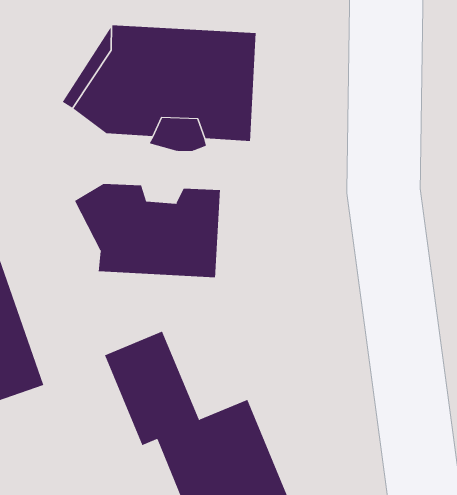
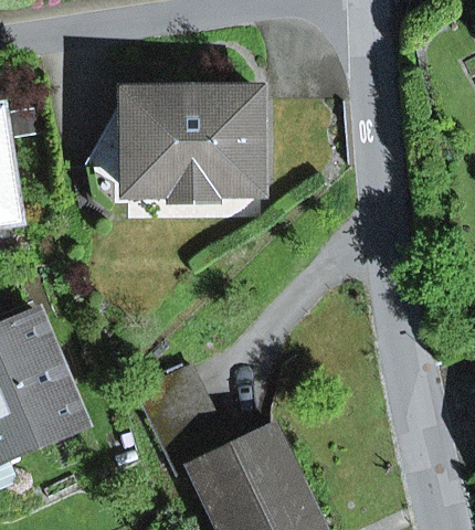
building: [74,183,221,278] -> none

